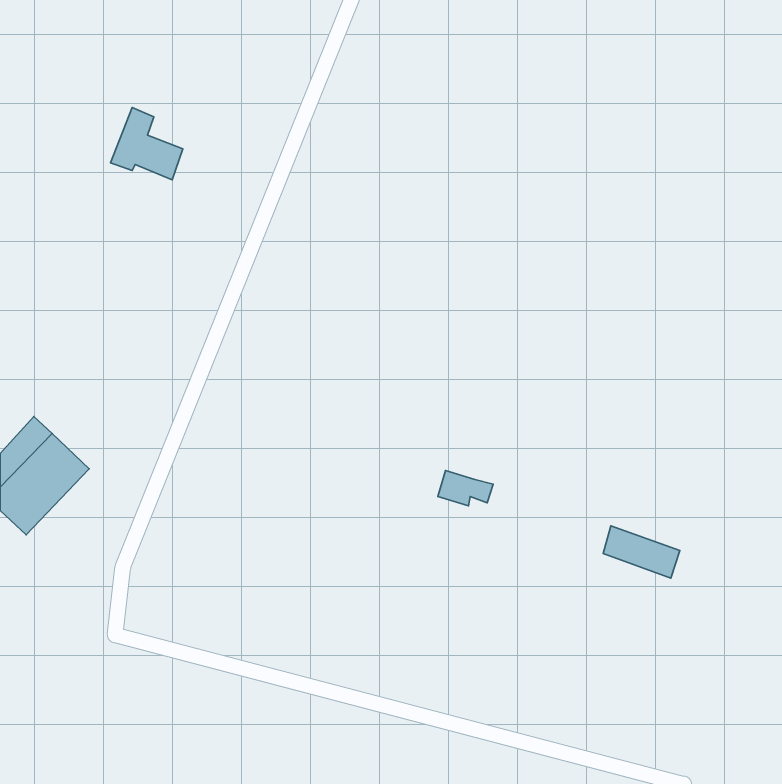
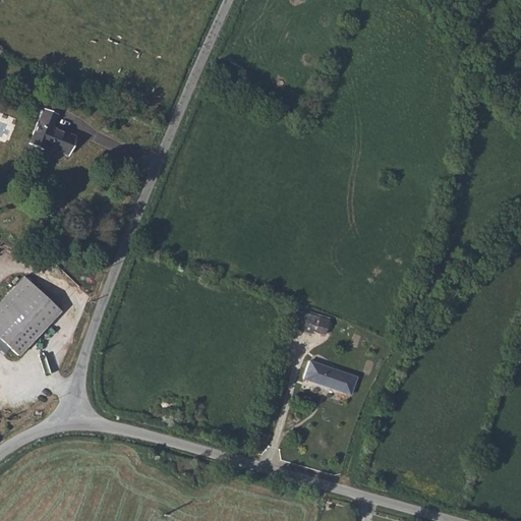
building: [111,107,183,180] -> [30,106,77,154]
building: [603,526,680,578] -> [306,361,357,396]

